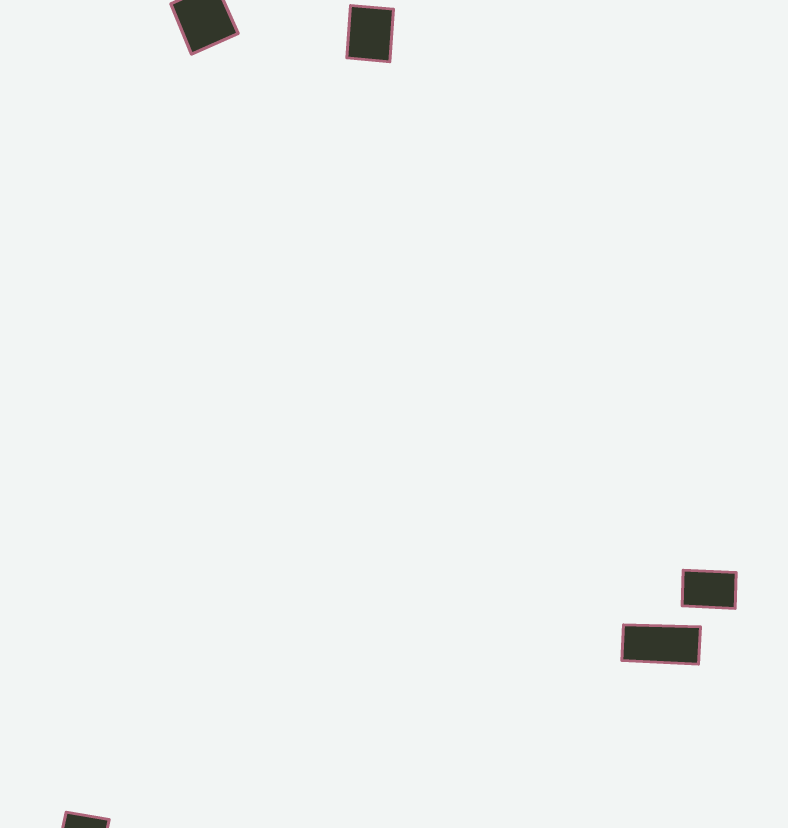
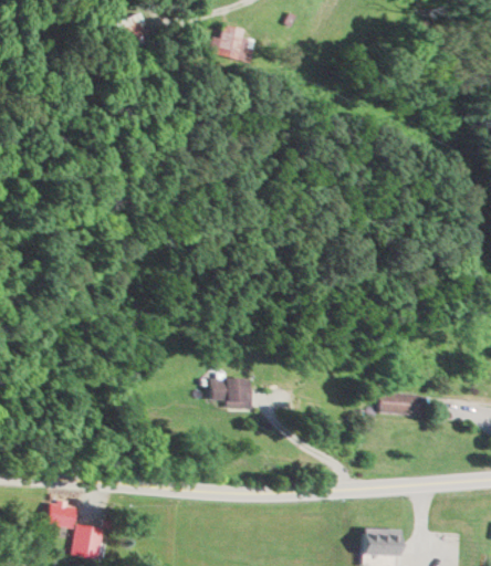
building: [682,570,736,608] -> none
building: none -> [209,378,251,408]

